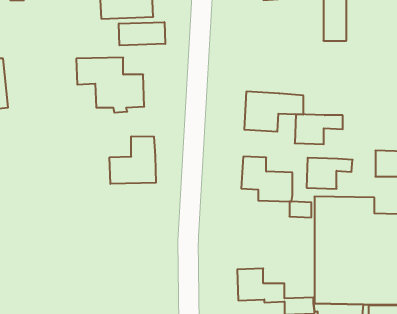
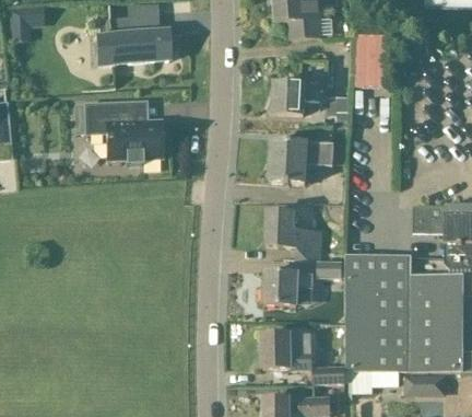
building: [119,22,165,45] -> none
building: [295,114,343,144] -> [272,82,324,115]
building: [110,136,156,184] -> none
building: [307,158,353,189] -> [263,271,314,305]

